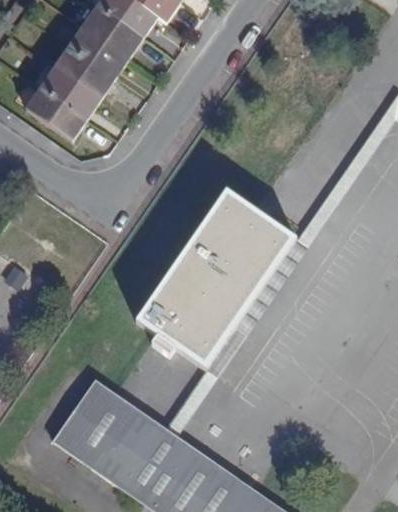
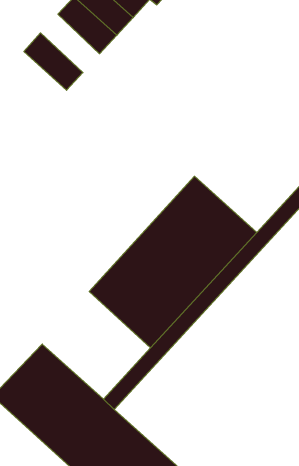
building: [52,47,114,102] -> none
building: [24,89,86,143] -> none

